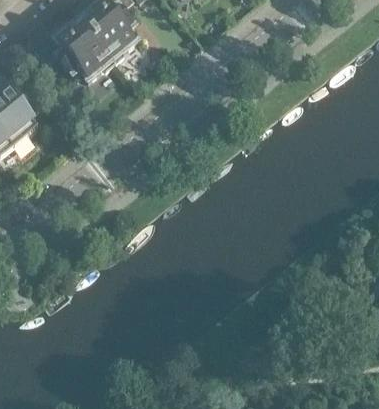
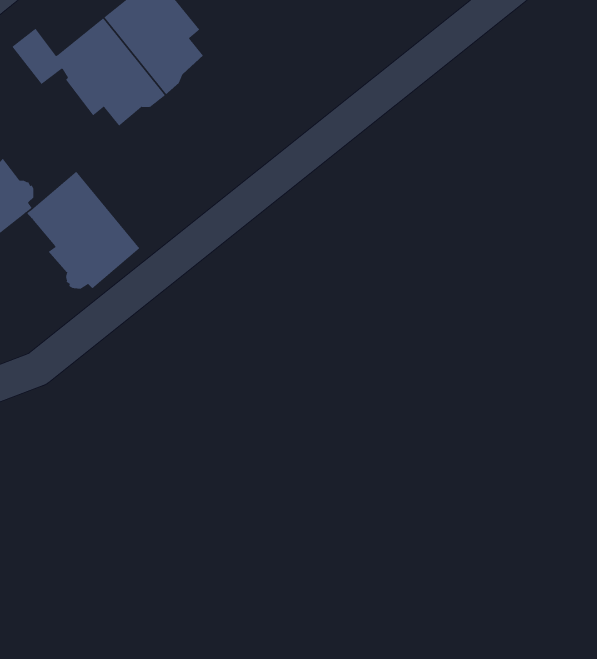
building: none -> [26,171,140,290]

